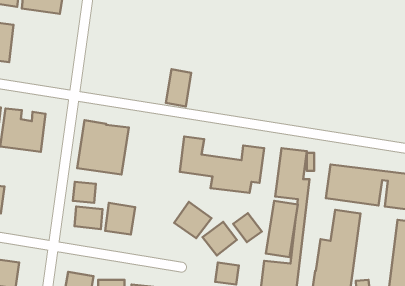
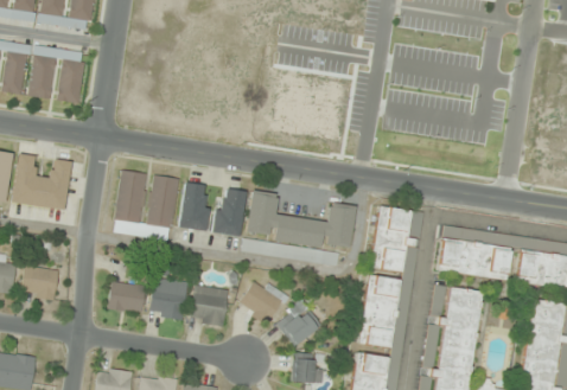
building: none -> [28,46,85,103]
building: [166,69,191,106] -> [212,187,246,236]
building: none -> [181,185,208,229]
building: [73,182,96,203] -> none
building: none -> [20,266,58,299]
building: none -> [189,284,228,326]
building: [233,213,262,242] -> none

